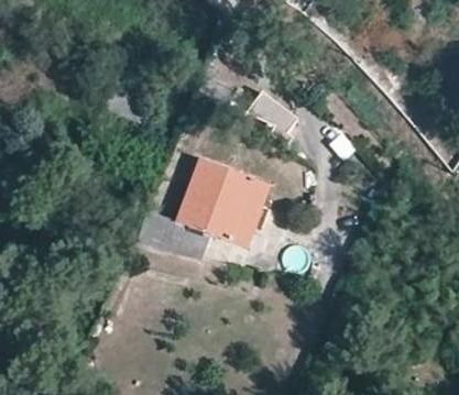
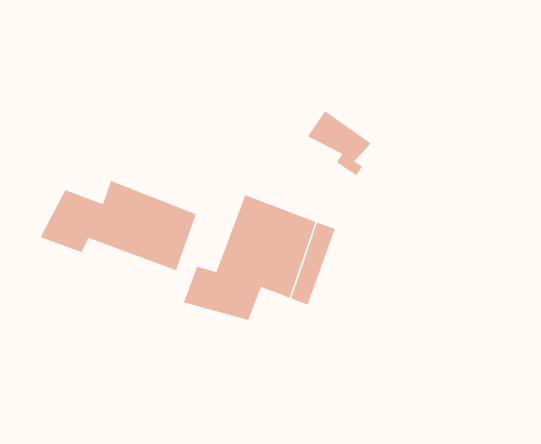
building: none -> [39,180,197,271]

